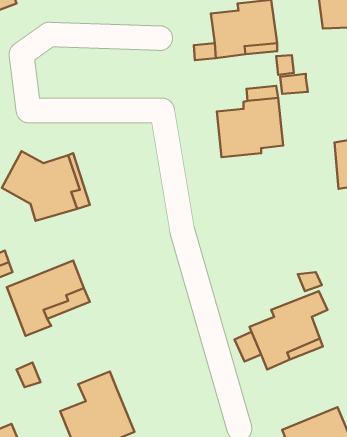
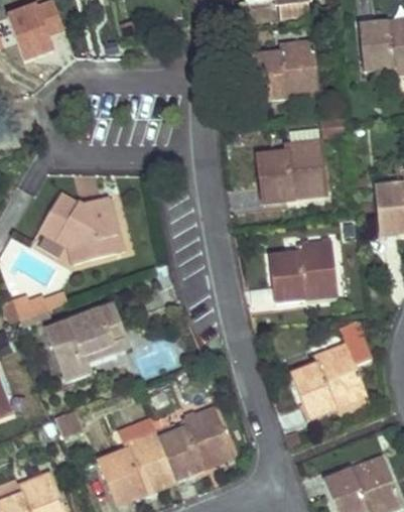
building: none -> [269,240,338,300]
building: none -> [156,406,233,480]

